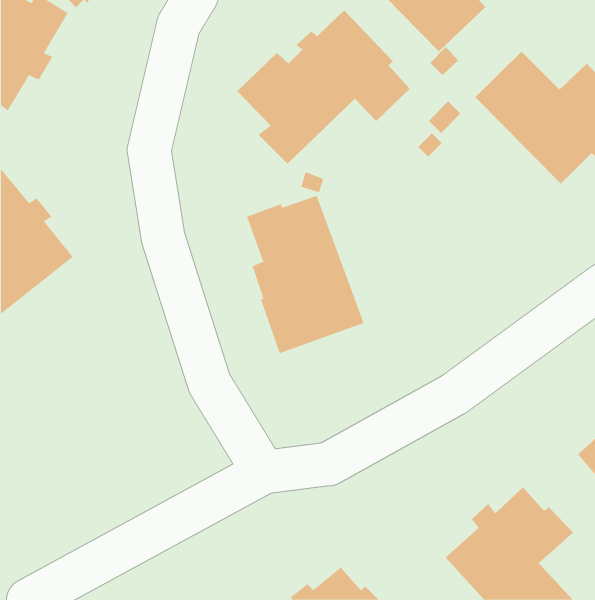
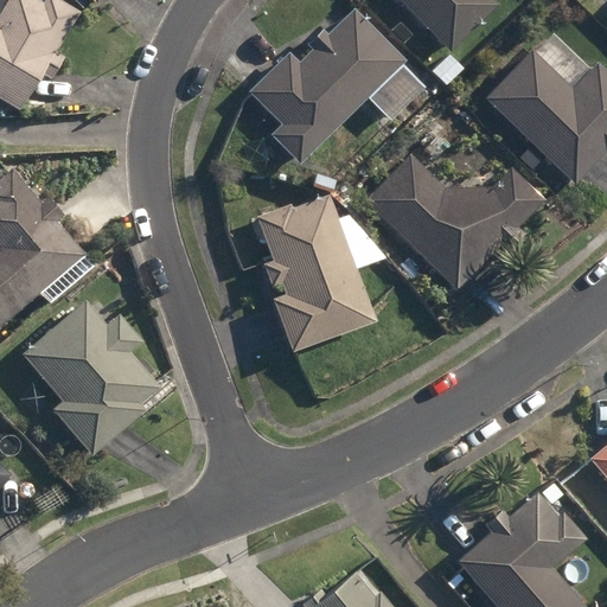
building: none -> [368,155,545,289]
building: none -> [21,300,158,456]

